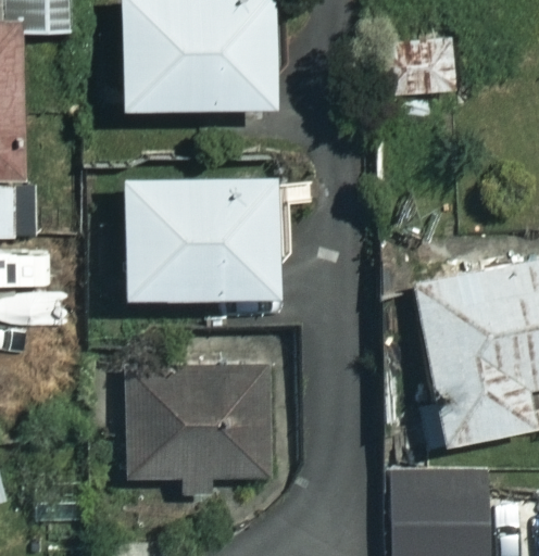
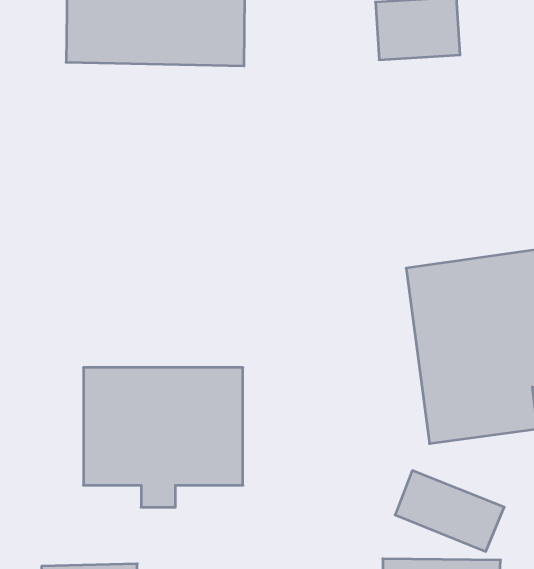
building: [118,177,275,292] -> none

